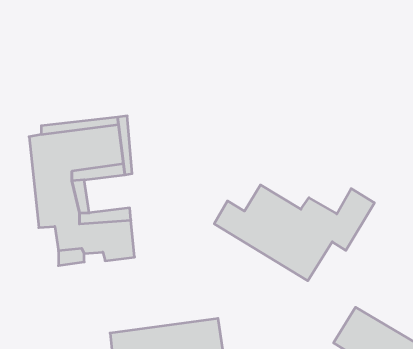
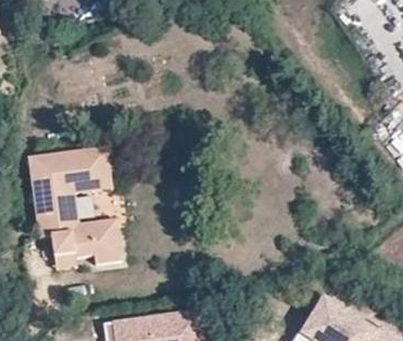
building: [214,185,374,281] -> none

